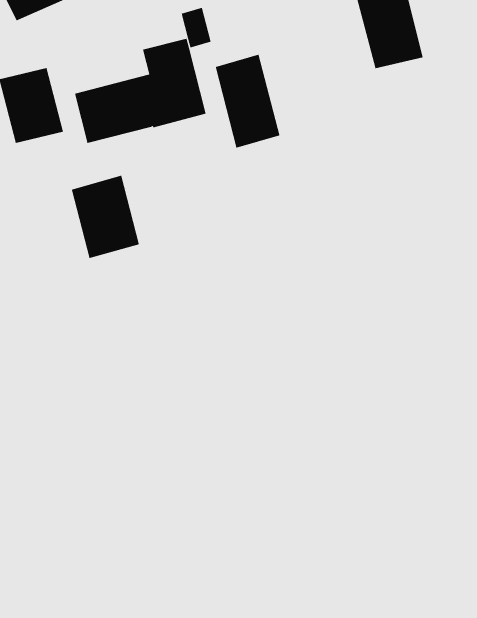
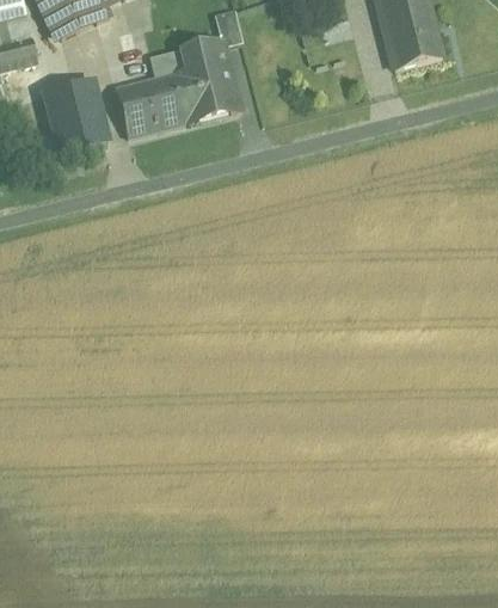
building: [215,54,280,148] -> none
building: [71,175,139,259] -> none

